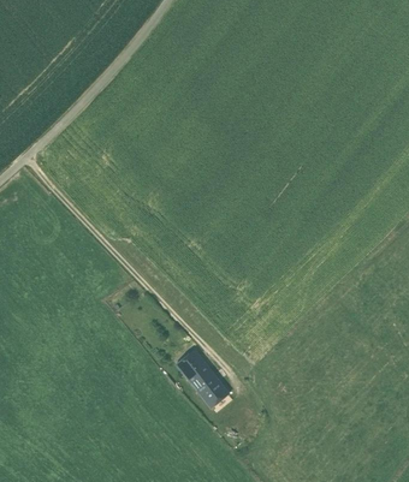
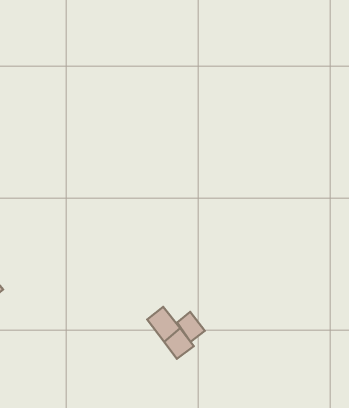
building: none -> [177,312,205,342]

